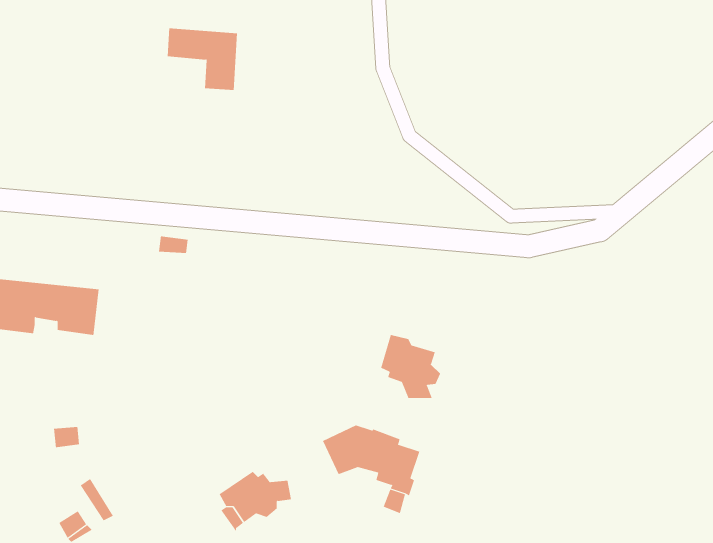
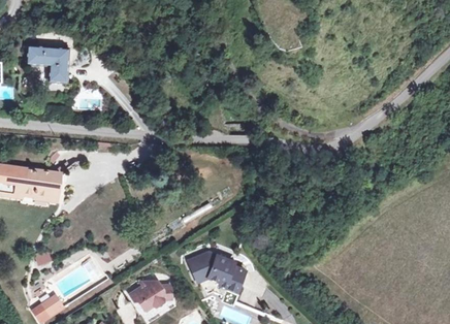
building: [167,28,238,90] -> [27,45,68,82]
building: [380,334,441,399] -> none

